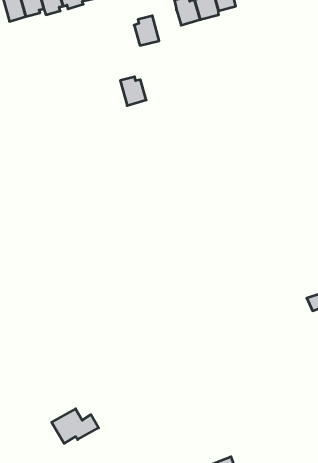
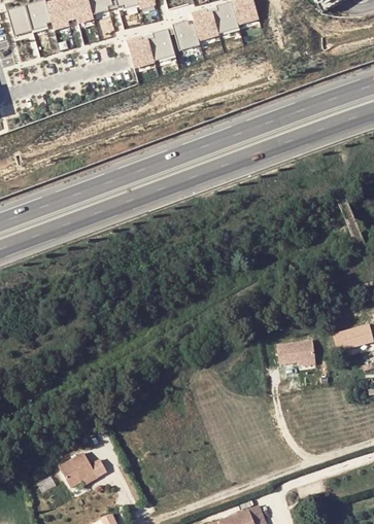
building: none -> [171,22,199,53]
building: [120,77,146,106] -> [126,38,154,69]
building: none -> [276,340,316,369]

